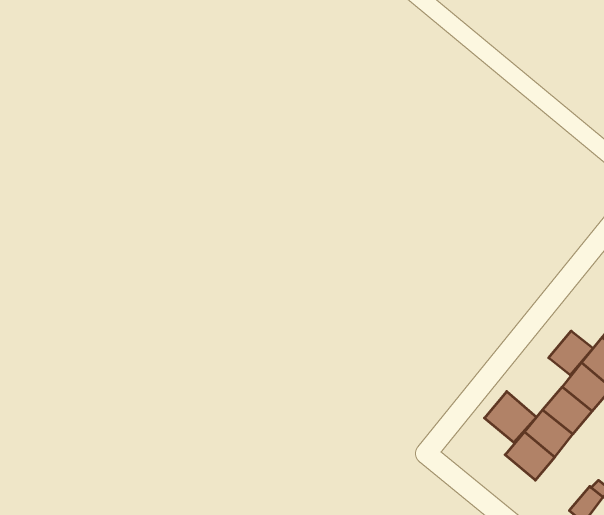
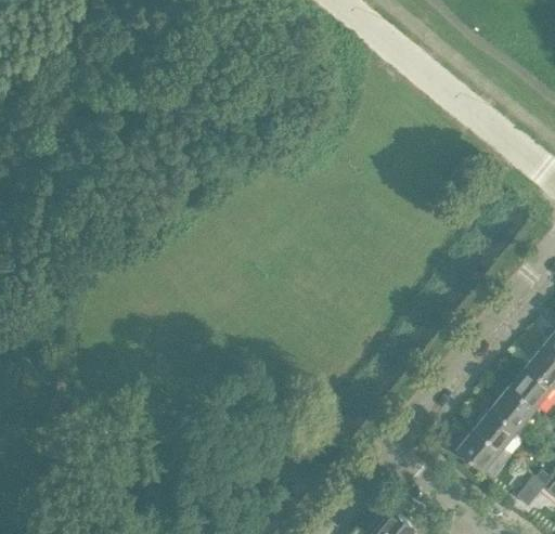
building: [549,331,593,375] -> none
building: [484,391,537,443] -> none

